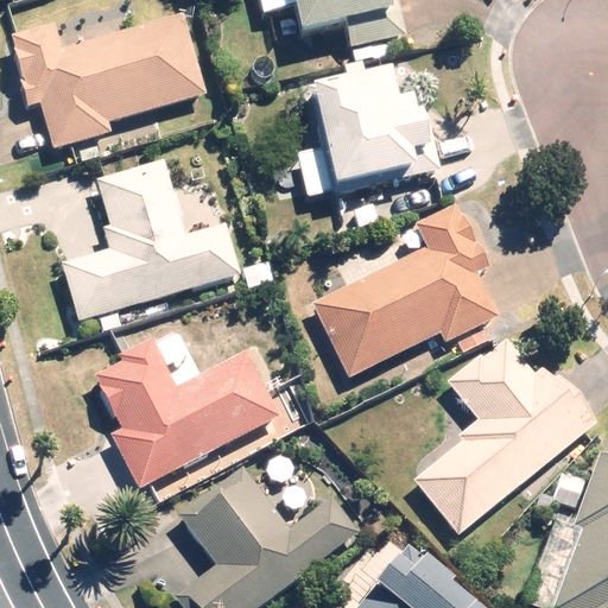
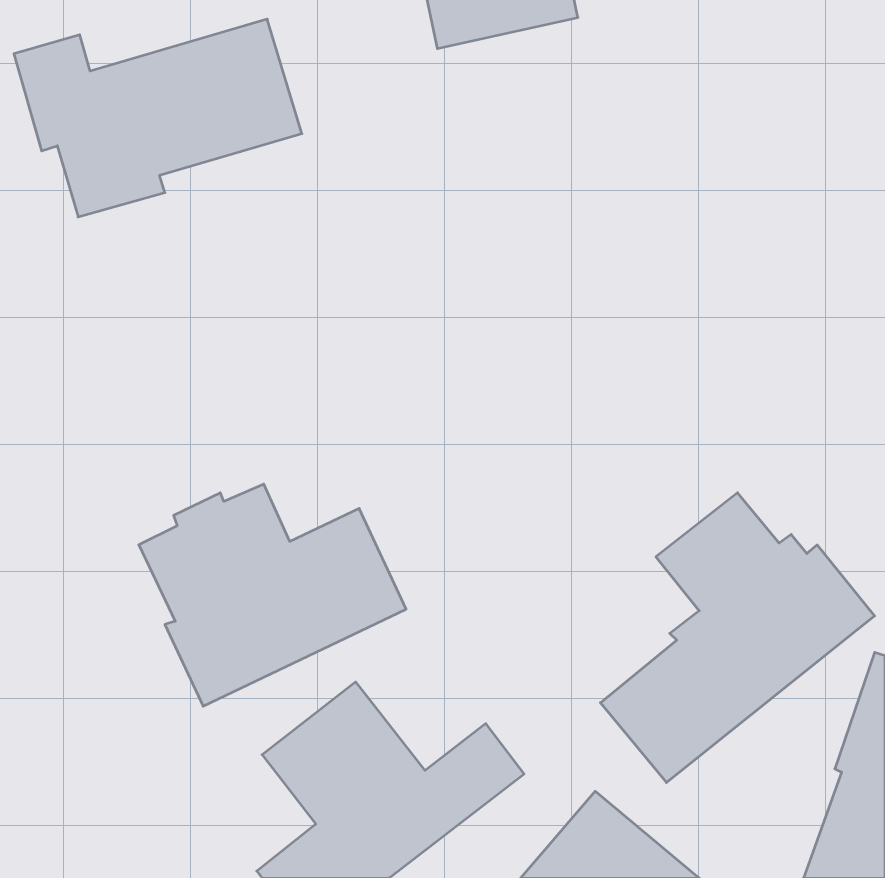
building: [311,68,435,191] -> none
building: [65,158,241,318] -> none
building: [317,203,496,374] -> none

